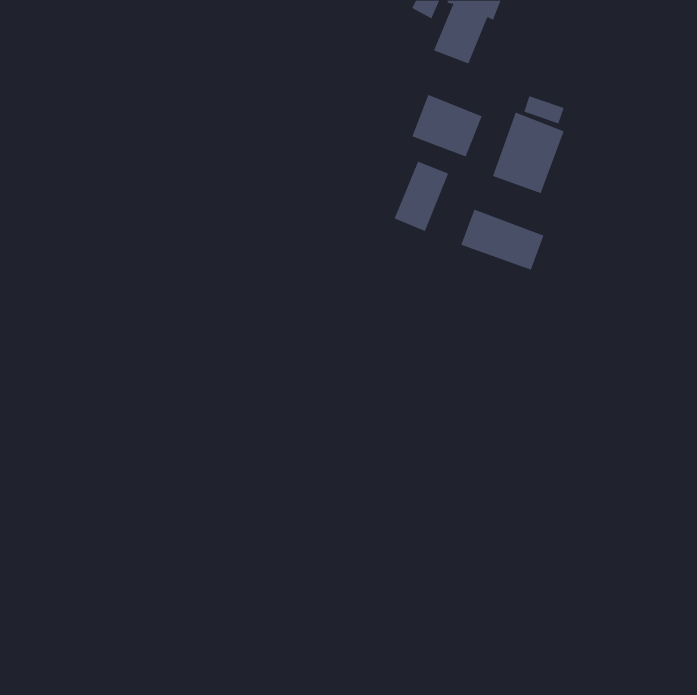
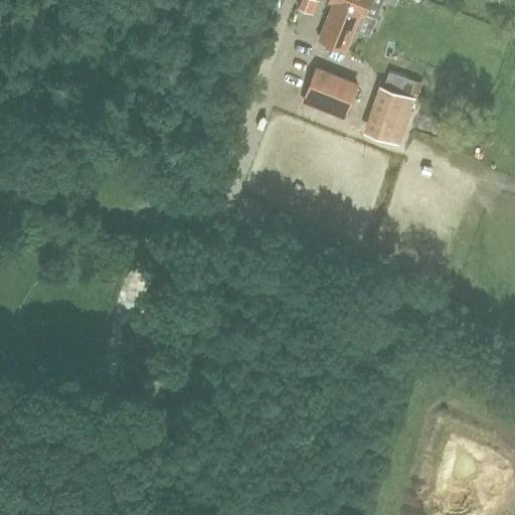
building: [394,161,449,232] -> none
building: [460,209,544,271] -> none

